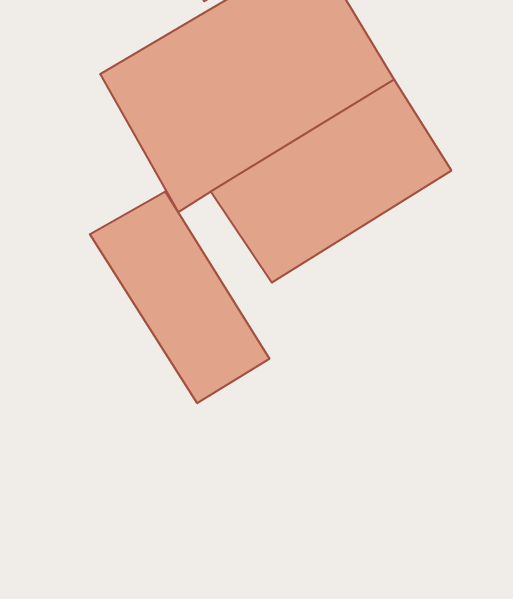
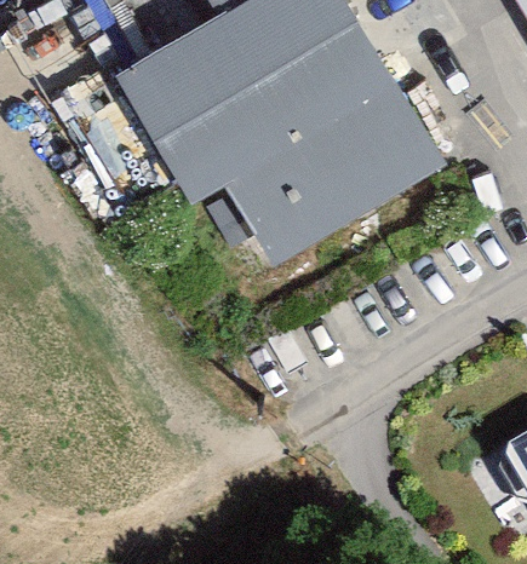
building: [90,191,269,403] -> none

